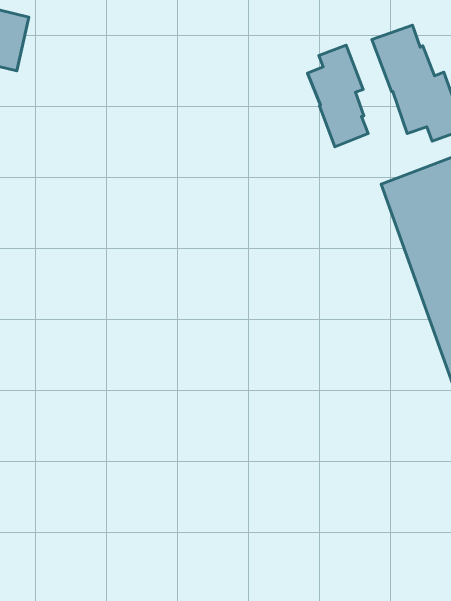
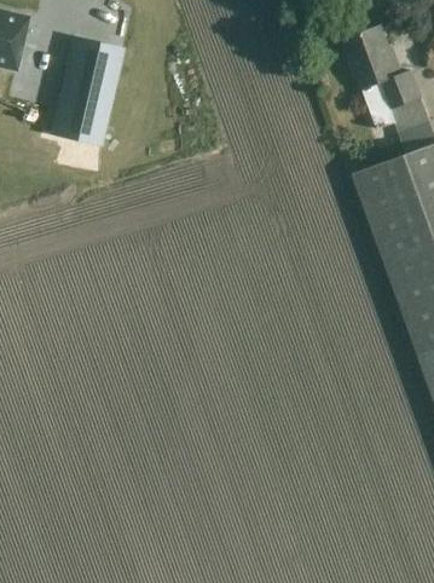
building: none -> [53,39,122,143]
building: [307,45,368,147] -> none

